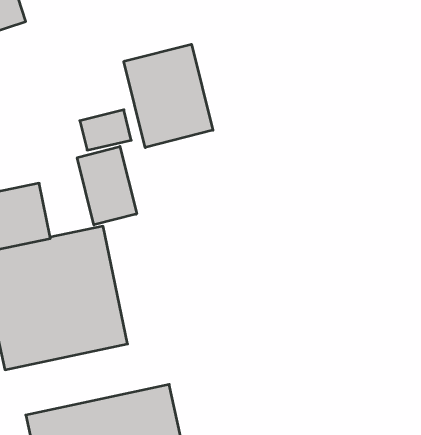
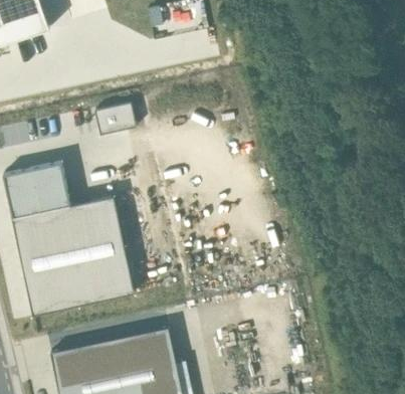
building: [124,44,213,148] -> none
building: [77,146,137,225] -> none

